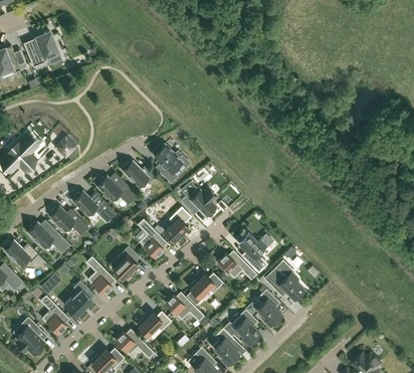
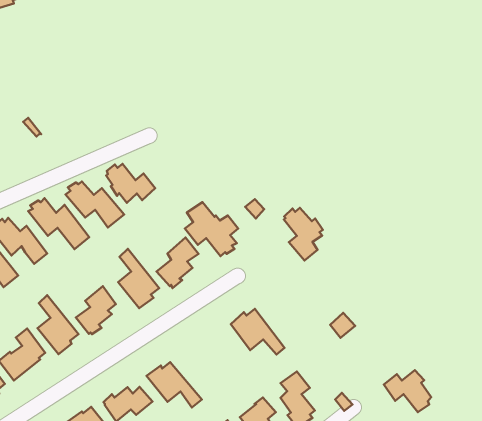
building: [152,145,185,184] -> none
building: [238,234,265,269] -> [284,208,323,260]
building: [270,272,303,301] -> [384,370,431,412]
building: [187,273,222,305] -> none

